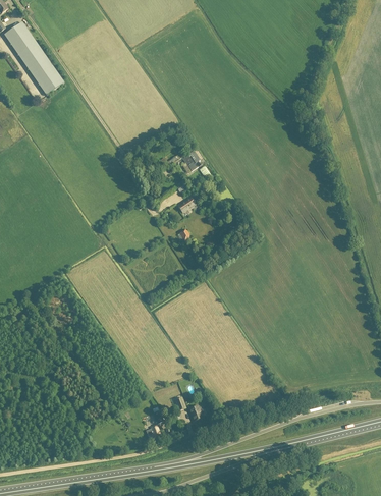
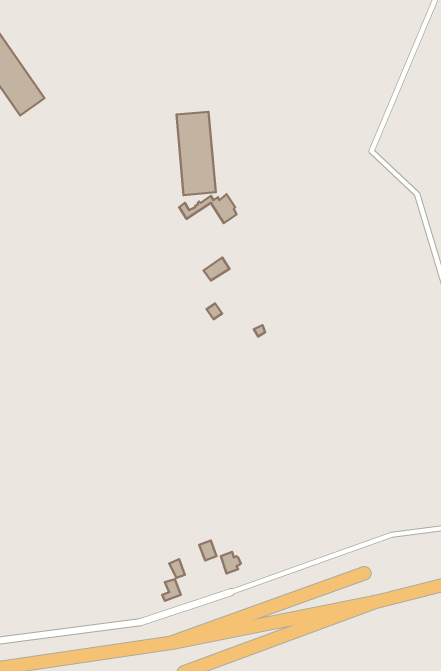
building: none -> [176,112,216,195]

